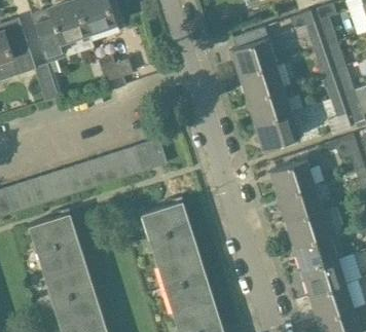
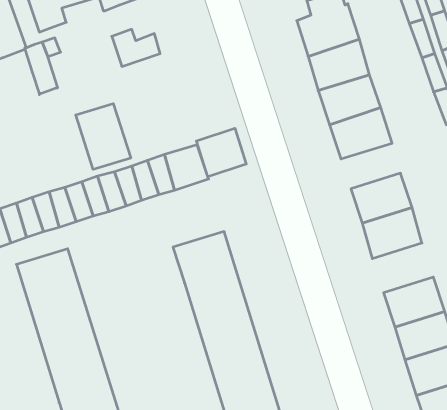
building: none -> [76,104,131,169]
building: none -> [196,128,246,177]
building: [286,209,330,245] -> none

